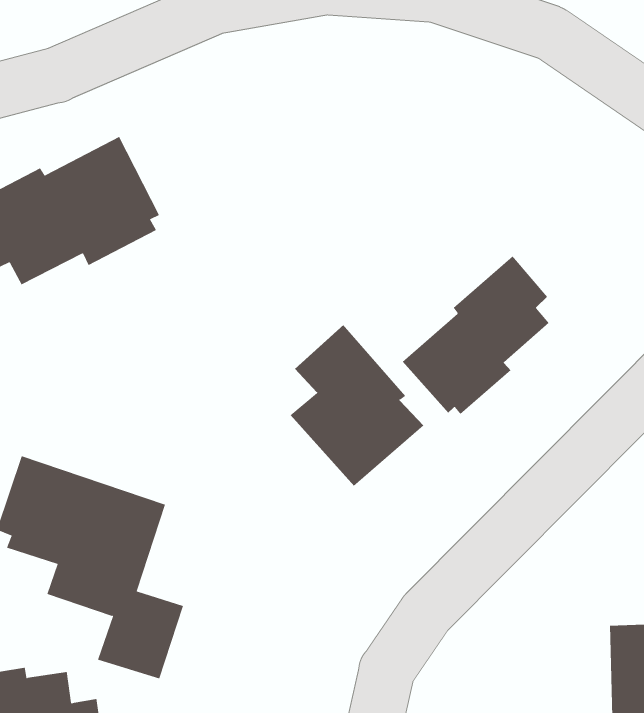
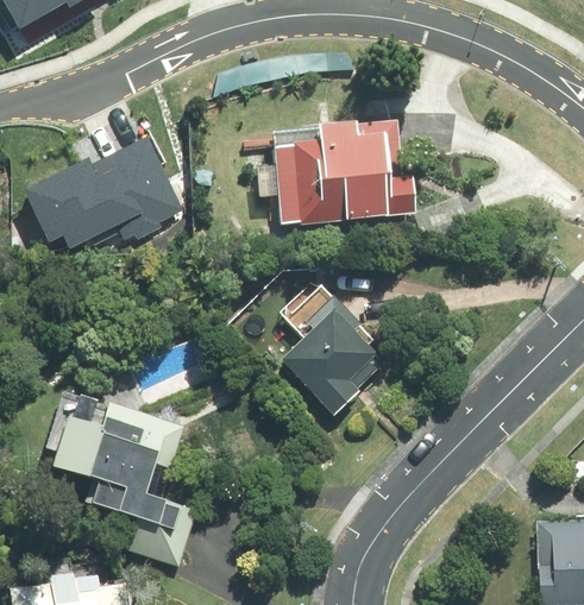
building: none -> [275,121,416,225]
building: [402,255,549,415] -> none

